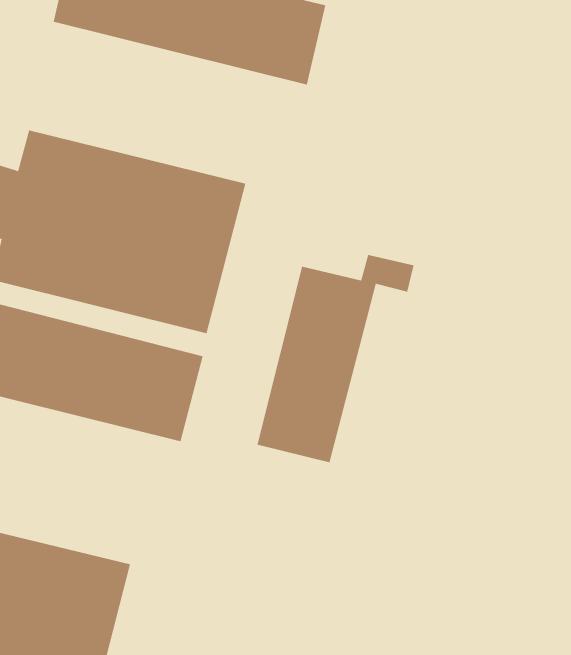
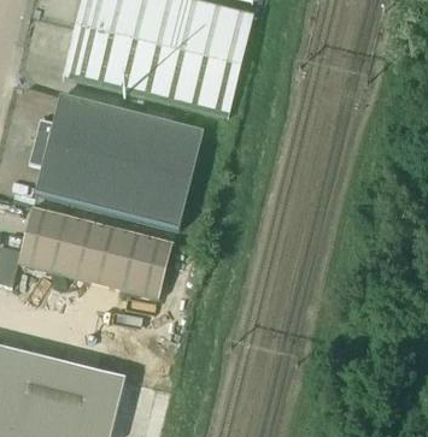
building: none -> [63,24,241,116]
building: [257,254,414,463] -> none

